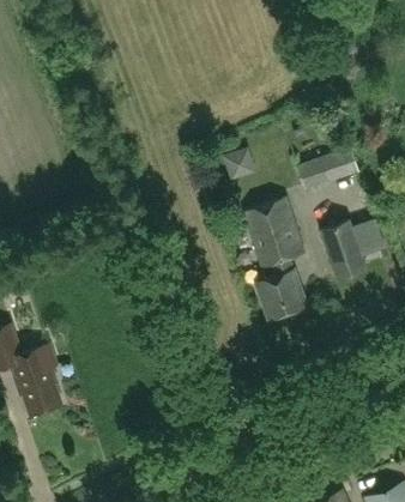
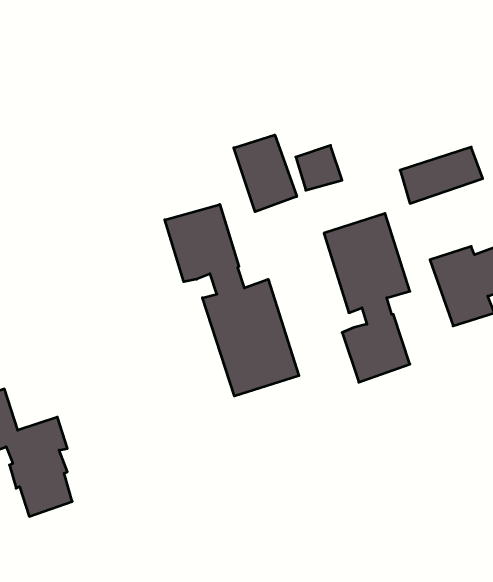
building: none -> [234,135,297,212]
building: none -> [165,204,299,396]

